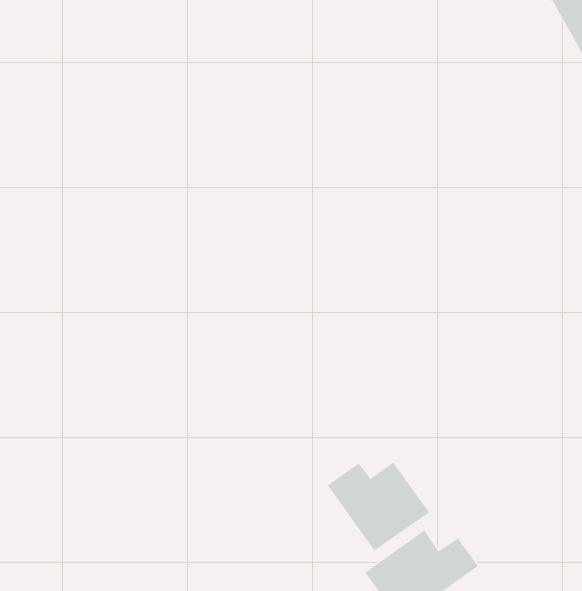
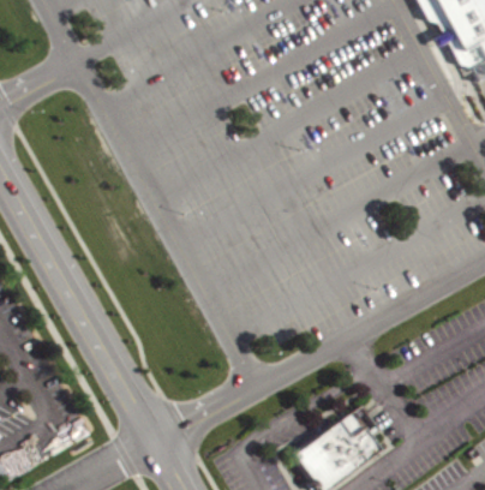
building: [327,461,430,552] -> none

